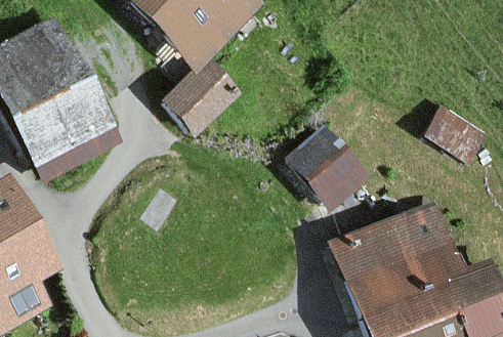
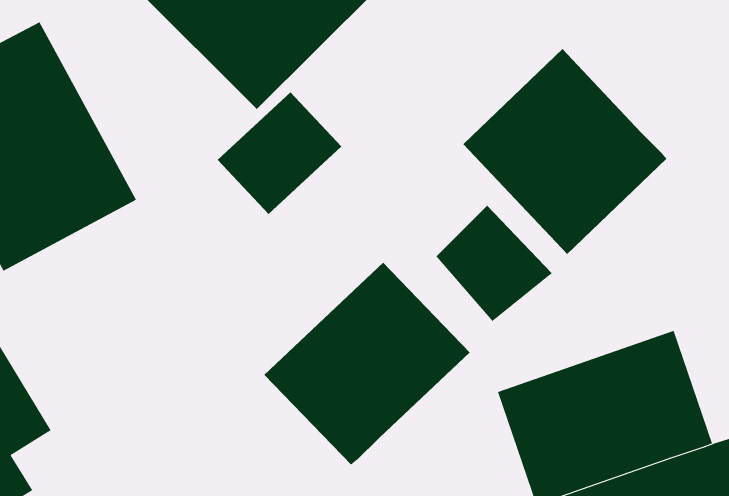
building: none -> [463,48,667,255]
building: none -> [264,262,471,466]

